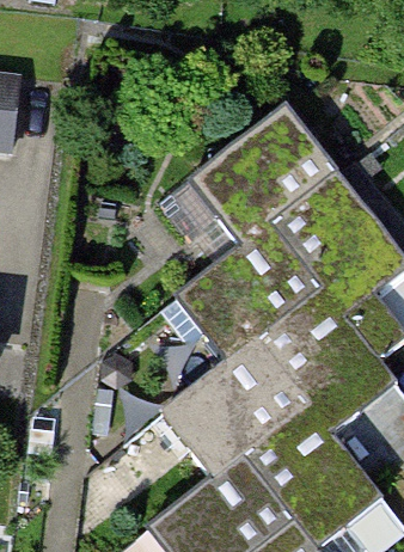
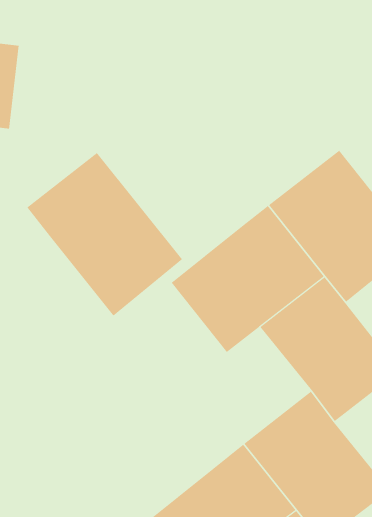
building: [185,105,335,247] -> none
building: none -> [27,152,183,316]
building: [163,344,307,482] -> none

